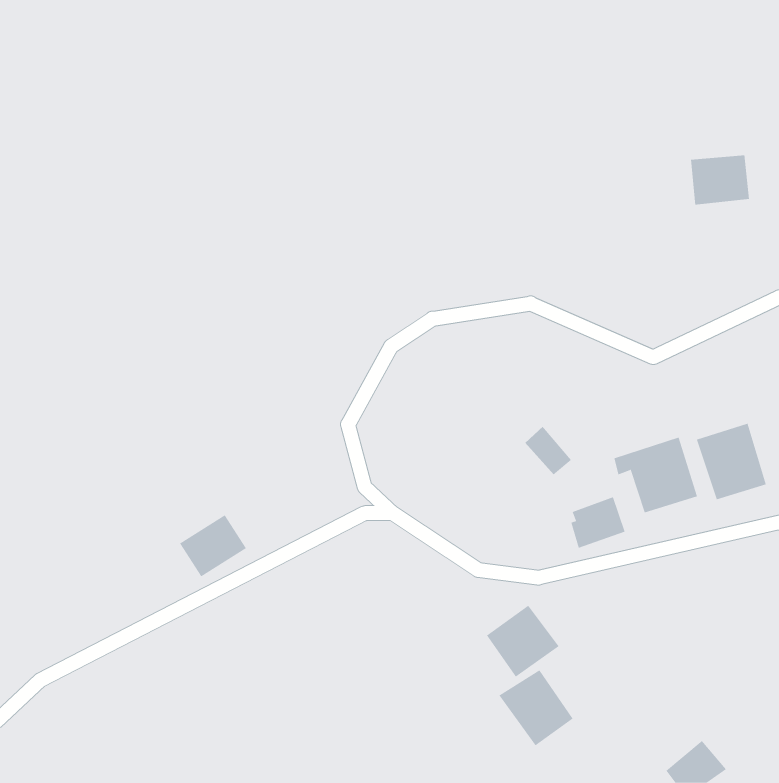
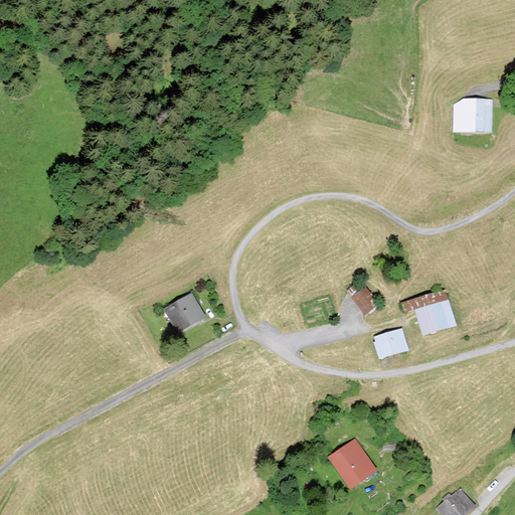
building: [696,423,767,500] -> none
building: [179,514,247,577] -> [159,291,203,332]
building: [486,605,559,678] -> none

